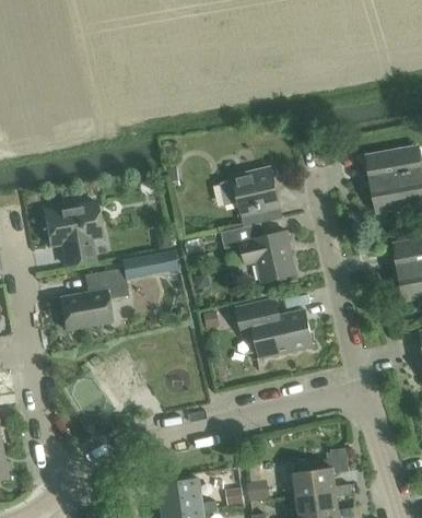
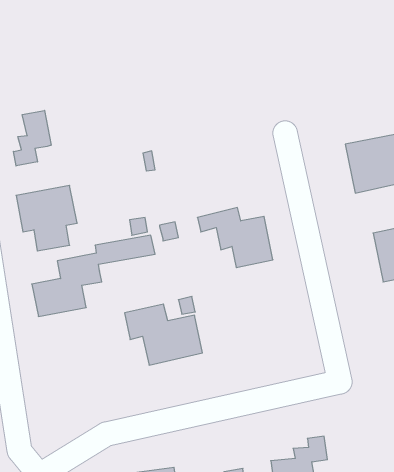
building: none -> [13,110,51,166]
building: [220,170,283,226] -> none
building: [237,298,314,358] -> [125,304,202,365]

